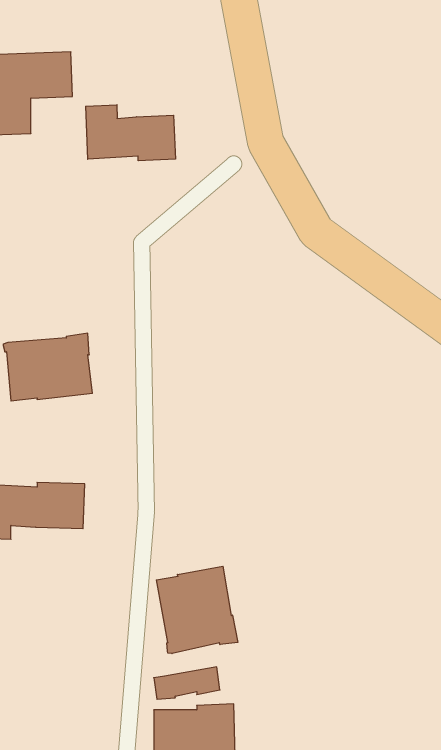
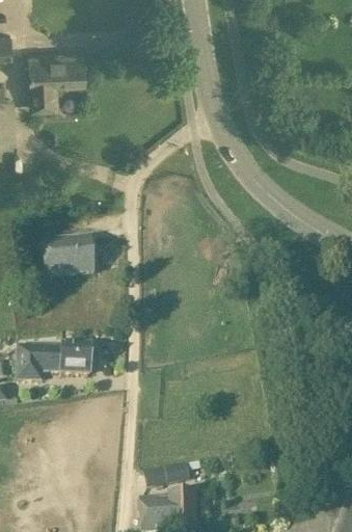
building: [86,105,175,161] -> none
building: [156,566,238,654] -> none

